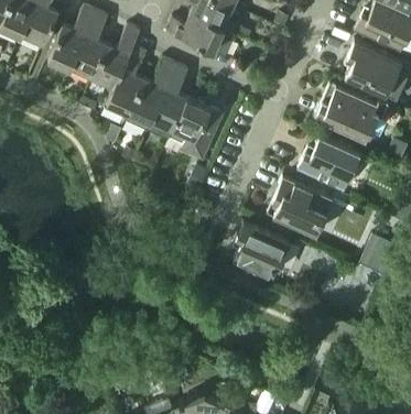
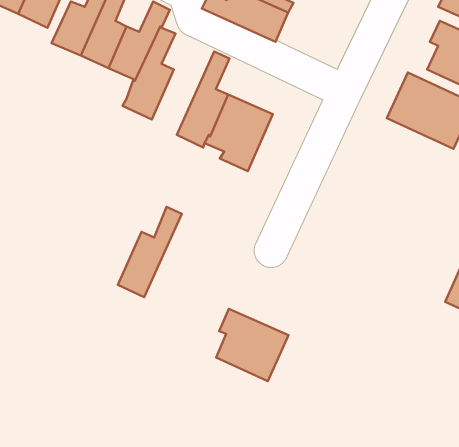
building: [126,58,176,130] -> [118,207,182,297]
building: [298,134,365,189] -> none
building: [267,176,333,235] -> none
building: [234,221,291,279] -> [216,309,289,381]

